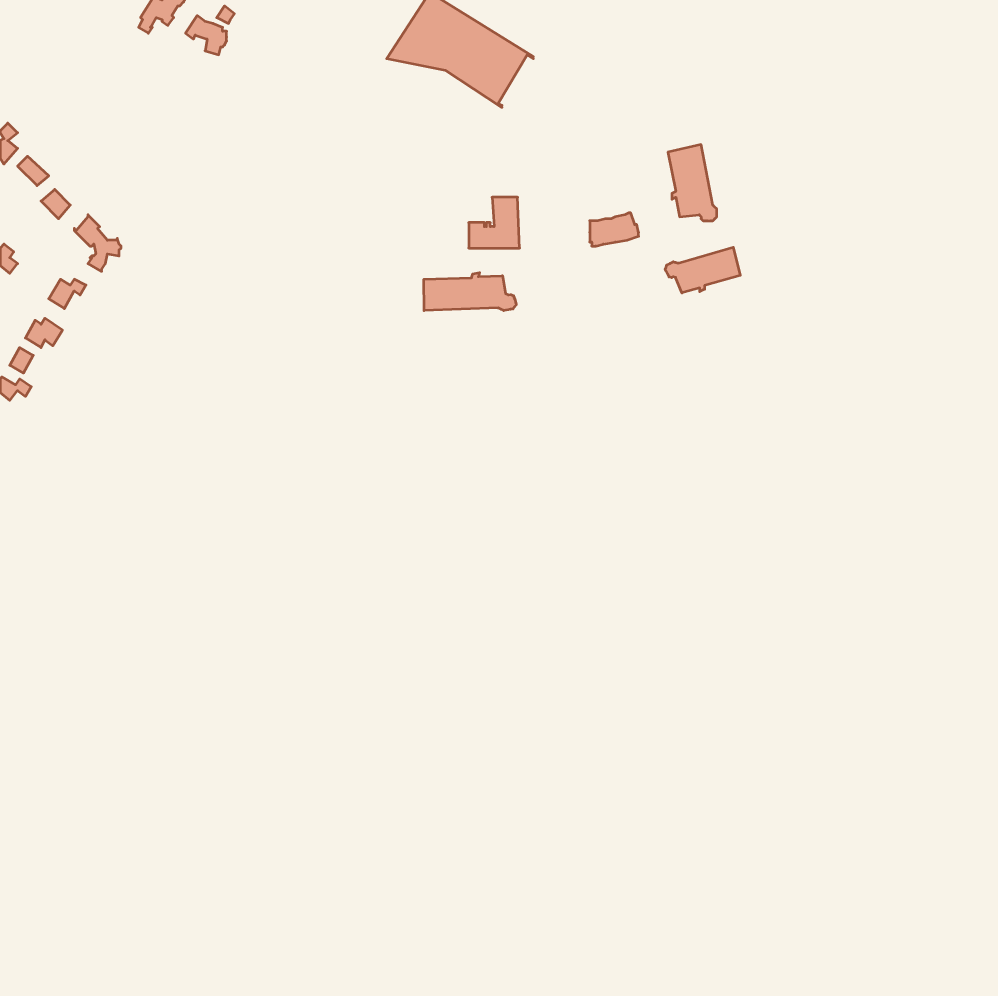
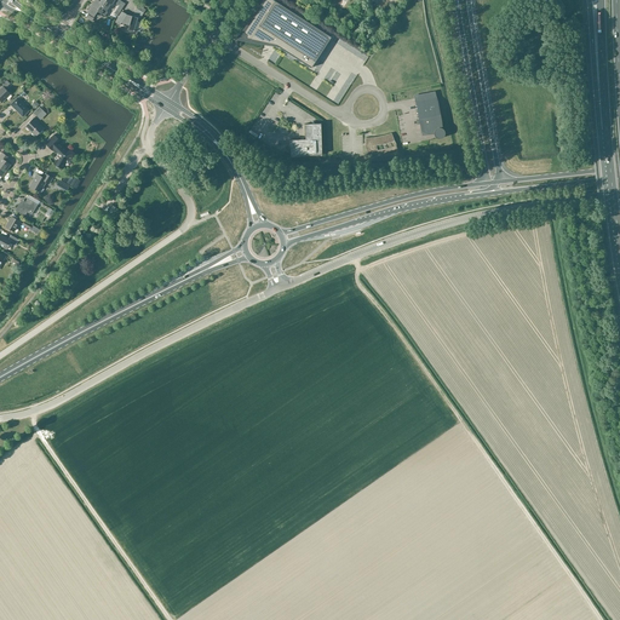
building: [665,247,740,293] -> none
building: [424,273,516,311] -> none

